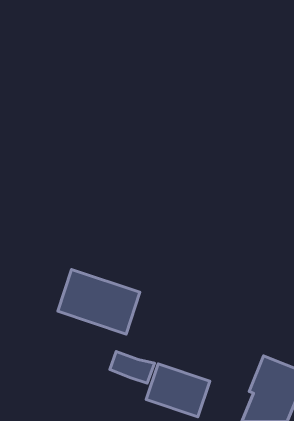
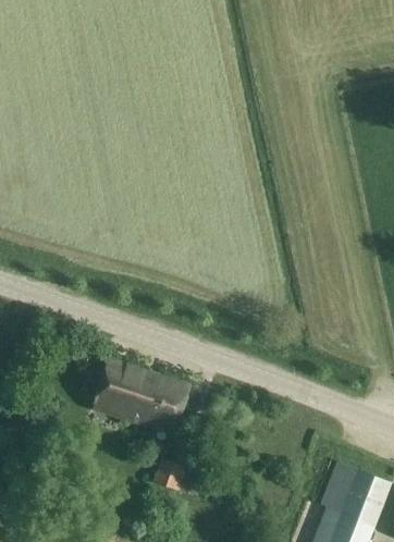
building: [146,364,210,417] -> none

